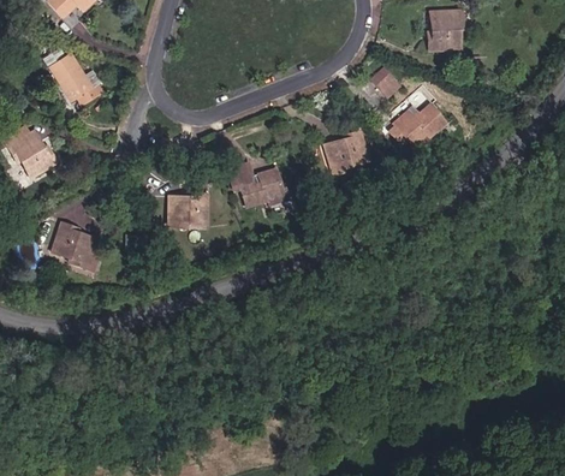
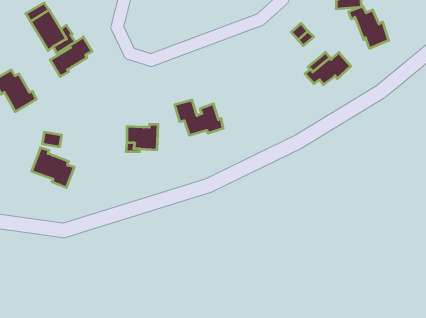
building: none -> [349,6,389,48]
building: none -> [50,37,92,77]
building: [323,131,368,174] -> none

